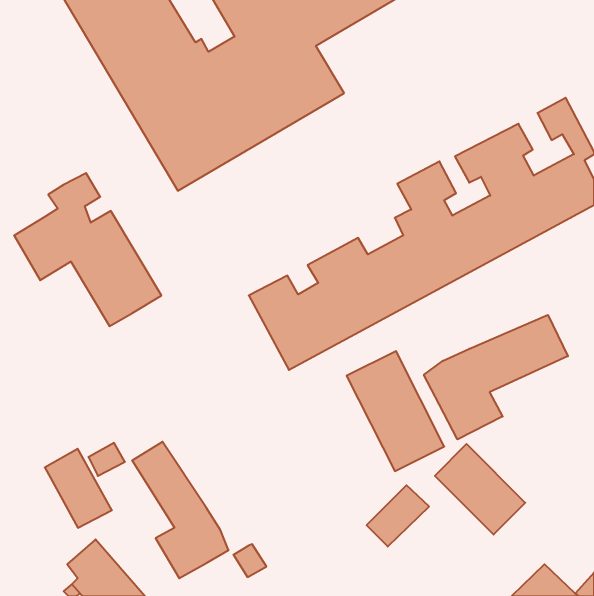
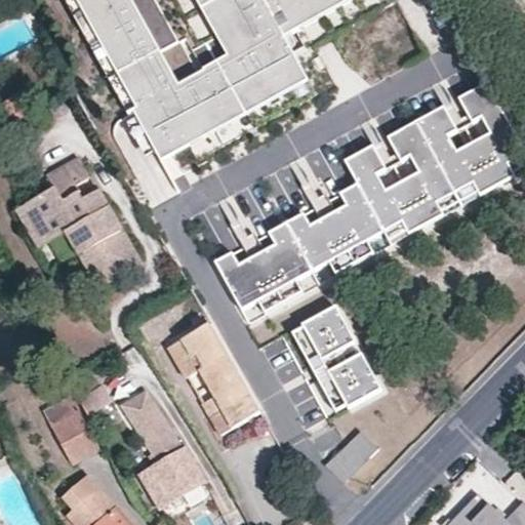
building: [424,315,568,439] -> none
building: none -> [163,318,254,428]
building: [435,444,525,535] -> none

